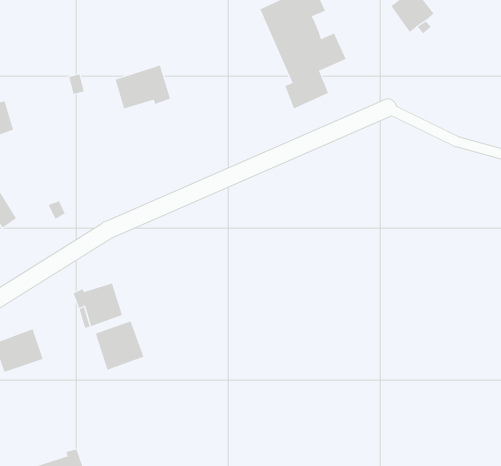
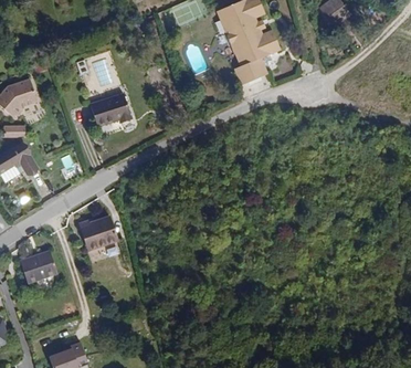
building: [115,65,171,109] -> [87,94,129,127]
building: [95,321,144,371] -> none

